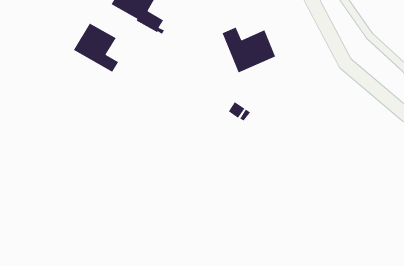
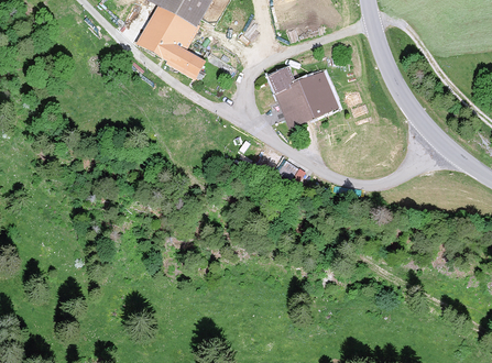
building: [73,23,119,73] -> none

